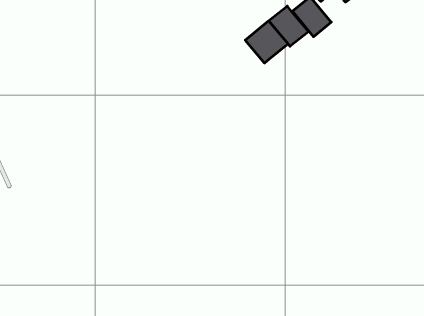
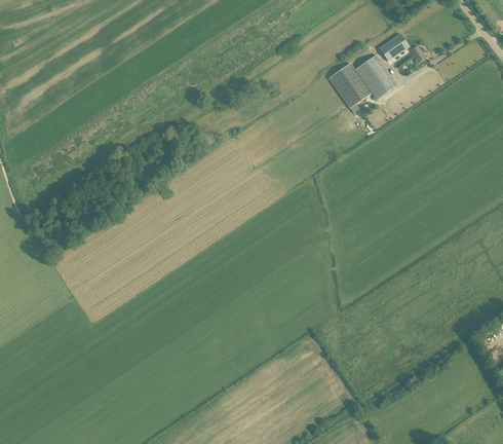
building: [245,21,288,63] -> none

